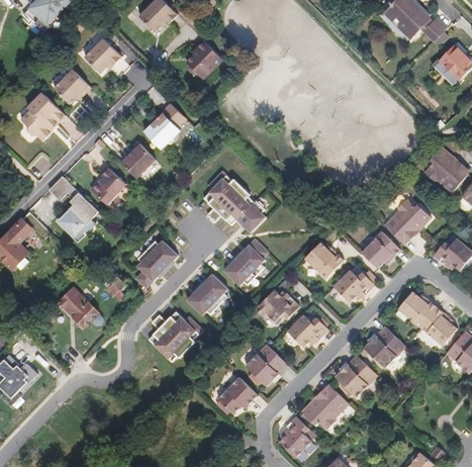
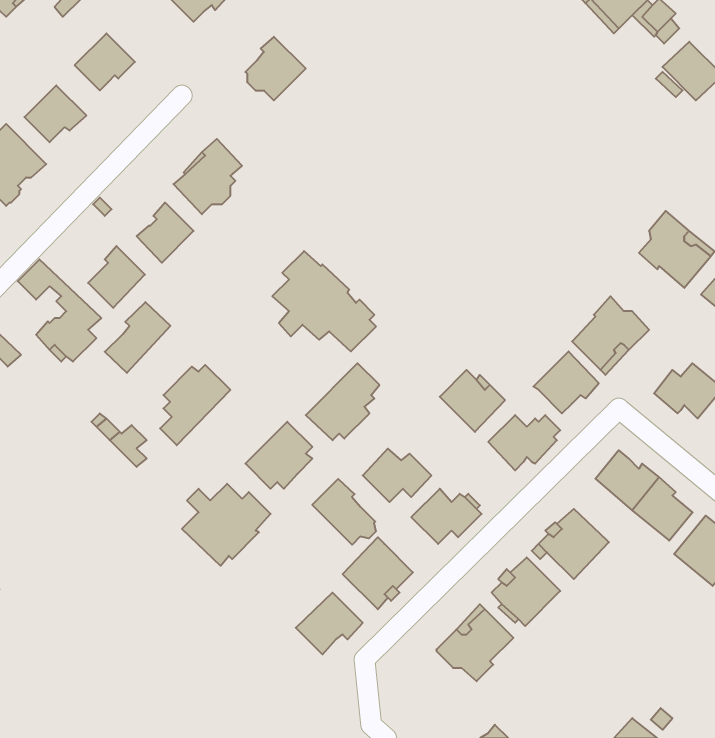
building: none -> [105,302,170,373]
building: [58,287,103,328] -> none
building: none -> [312,479,376,545]
building: [278,415,310,457] -> none

